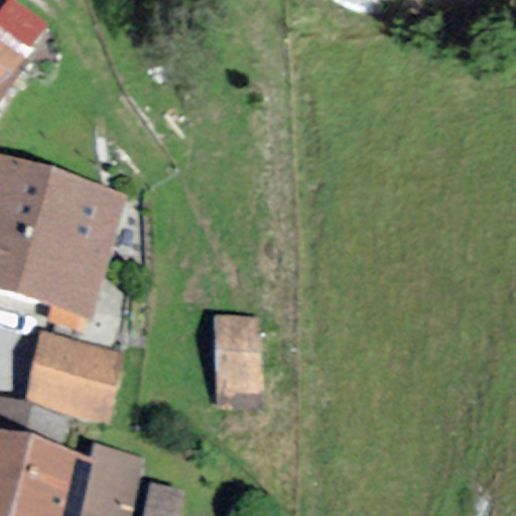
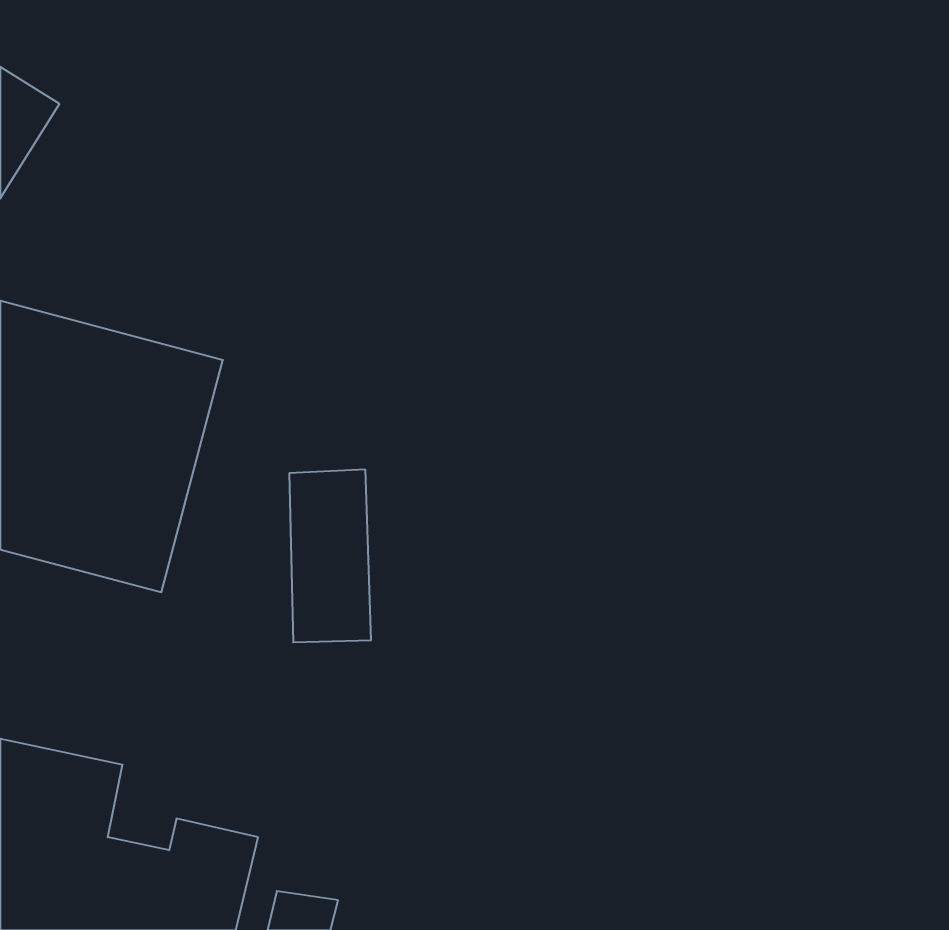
building: [214,314,258,408] -> [289,470,371,642]
building: [26,336,122,420] -> none

